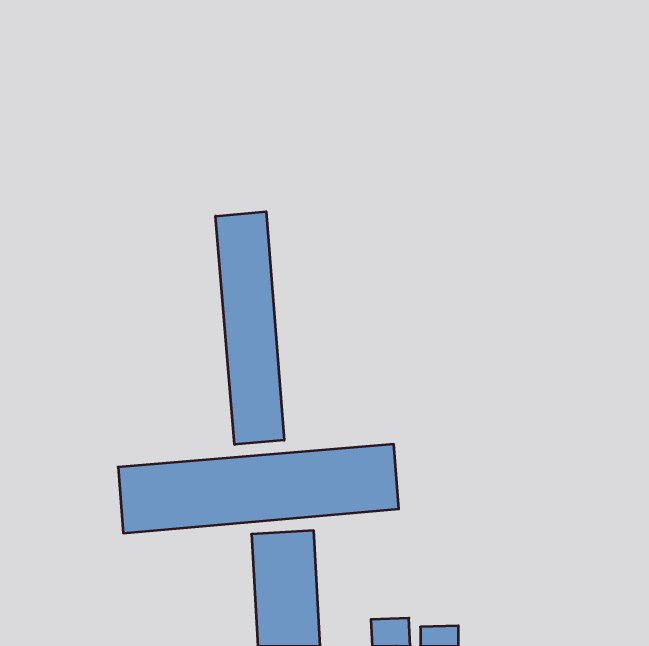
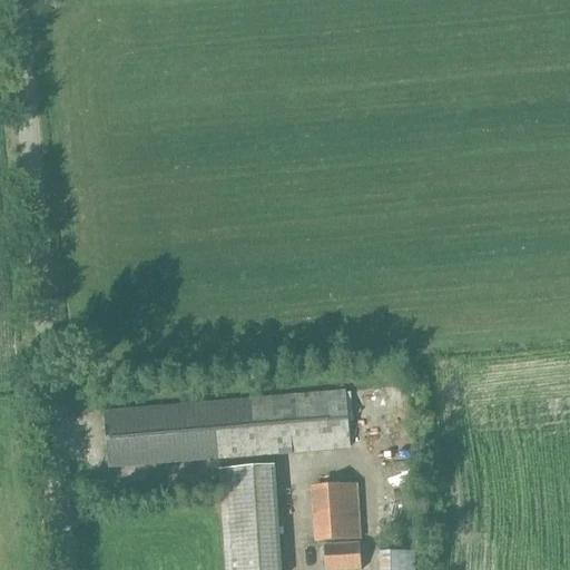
building: [216,212,284,445] -> none
building: none -> [314,482,356,540]

